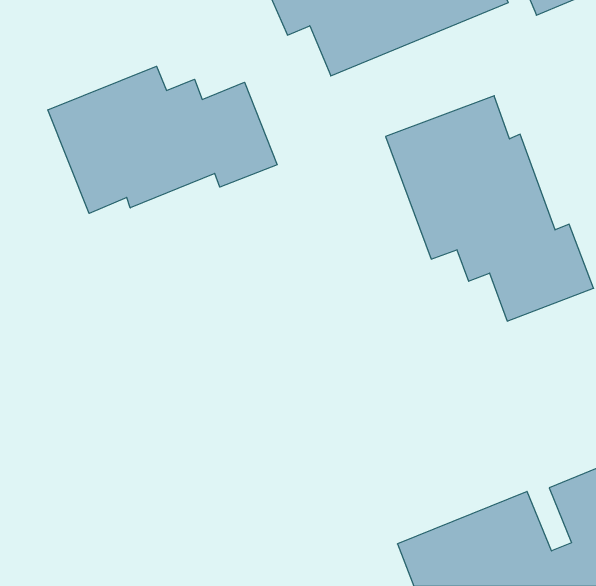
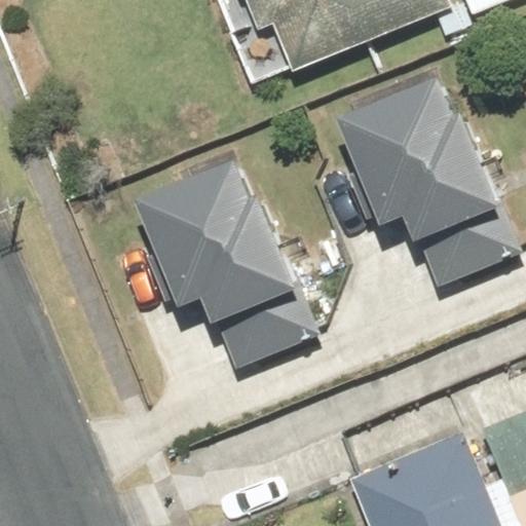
building: [48,66,277,213] -> none
building: none -> [130,165,321,363]

